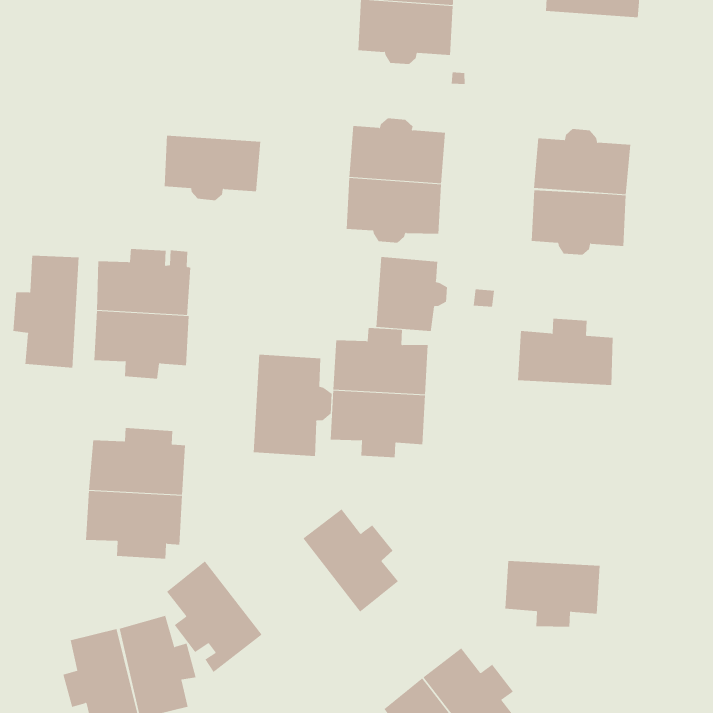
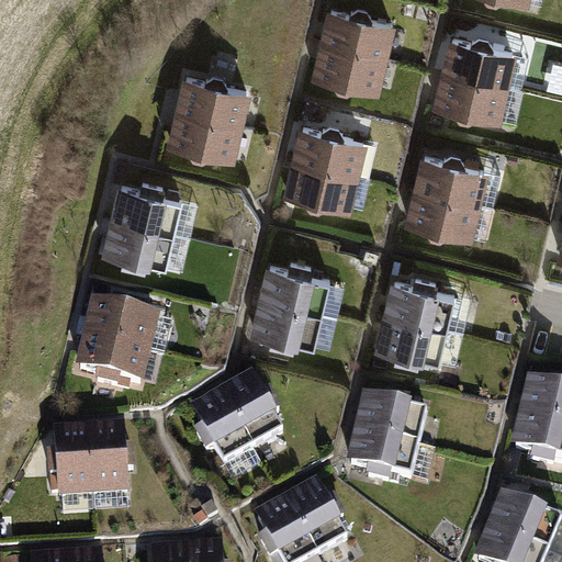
building: none -> [436,71,506,121]
building: none -> [178,74,248,124]
building: [13,255,79,368] -> none
building: [376,256,447,332] -> none
building: [253,354,332,457] -> none
building: none -> [375,314,446,367]
building: none -> [356,394,425,447]
building: [166,560,263,673] -> [192,394,251,470]

